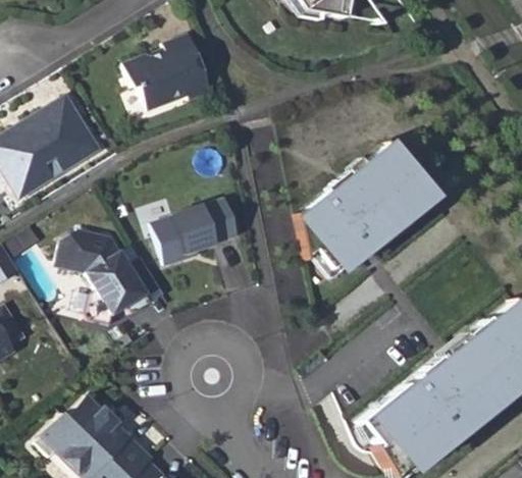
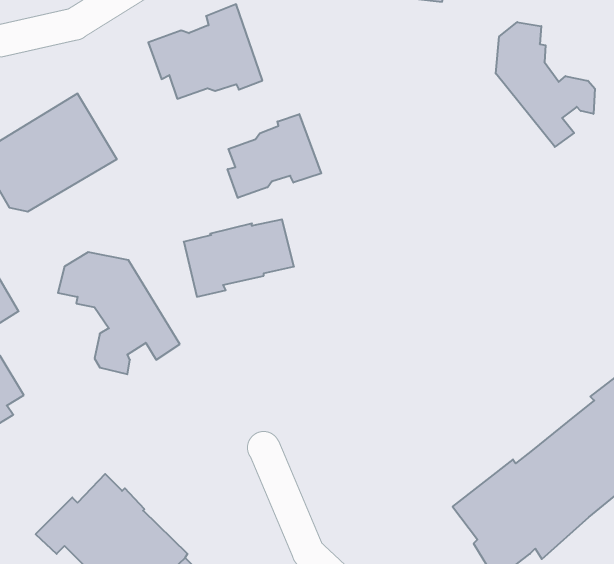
building: none -> [496,22,595,147]
building: none -> [228,114,321,198]
building: [301,148,430,271] -> none

